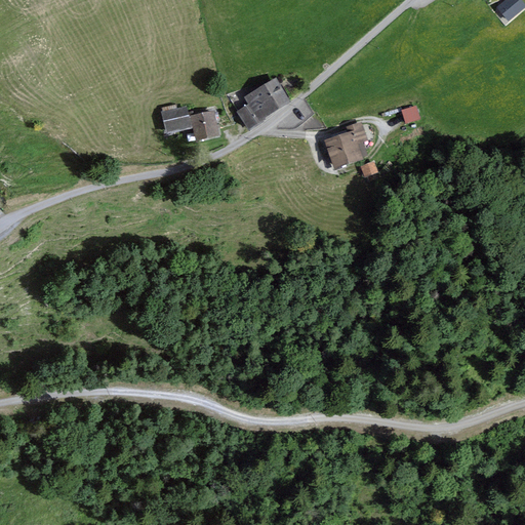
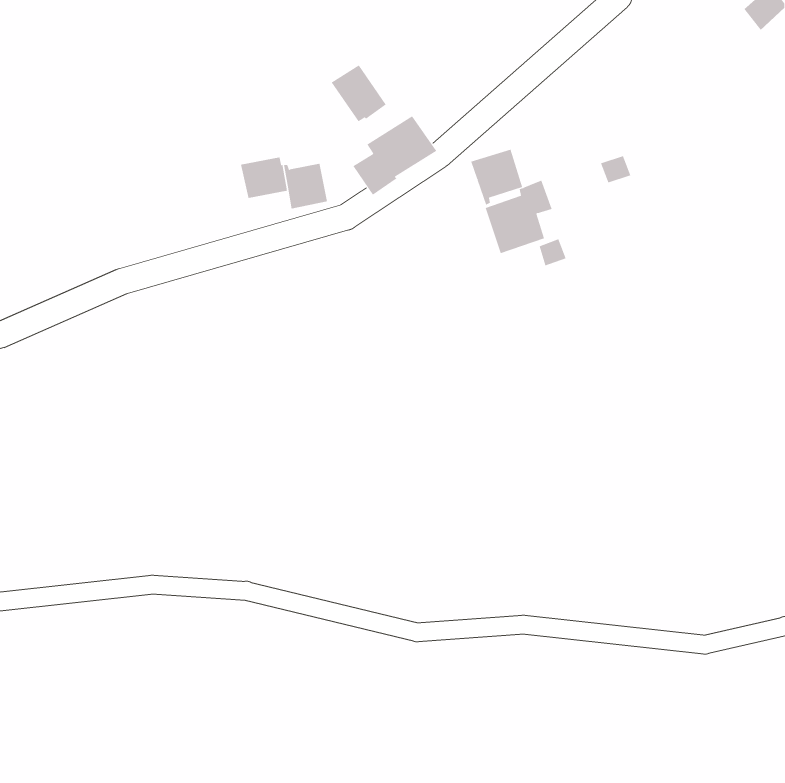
building: none -> [331,65,387,122]
building: none -> [471,149,523,206]

